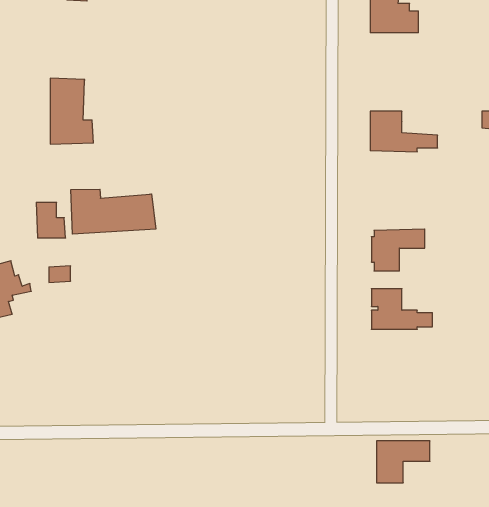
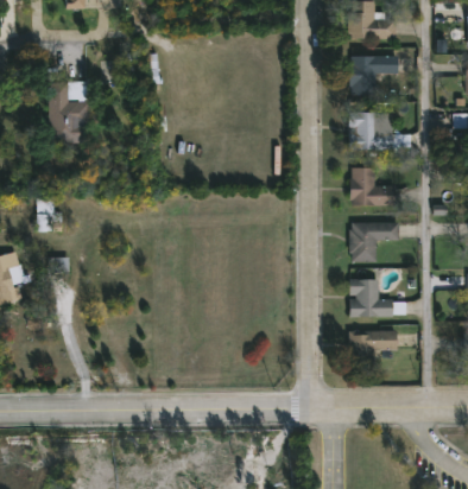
building: none -> [349,56,398,93]
building: none -> [349,167,396,207]
building: [71,189,156,234] -> none
building: [377,441,430,483] -> [348,331,398,370]

